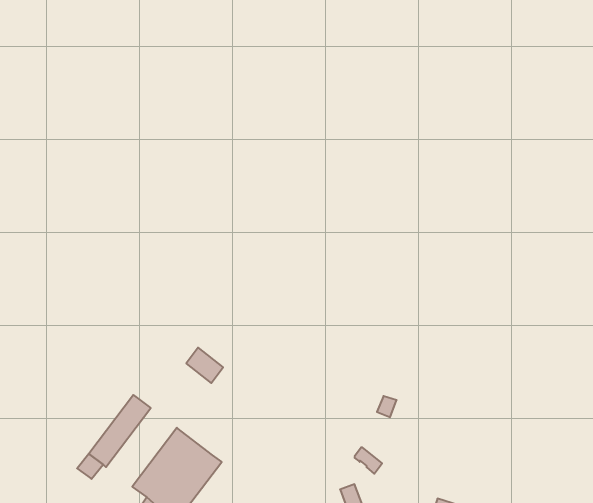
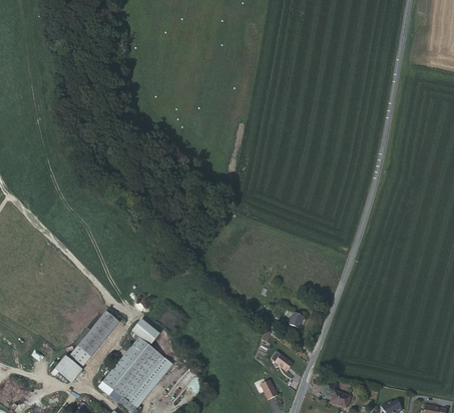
building: [186,348,223,383] -> [132,319,160,346]

